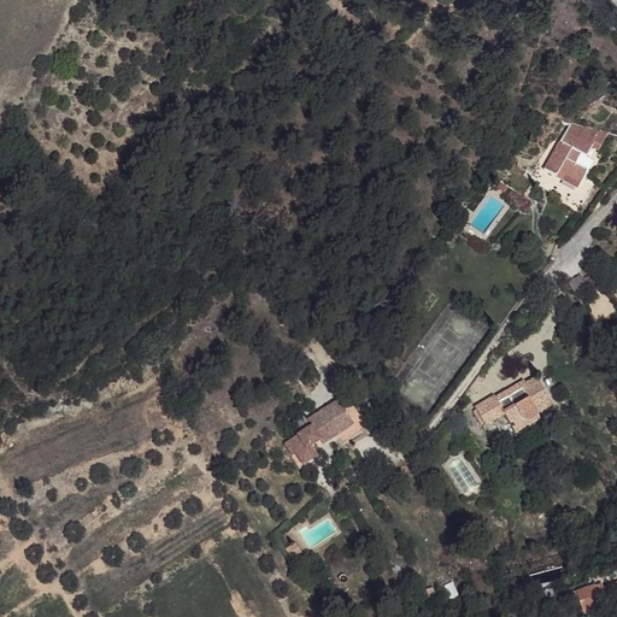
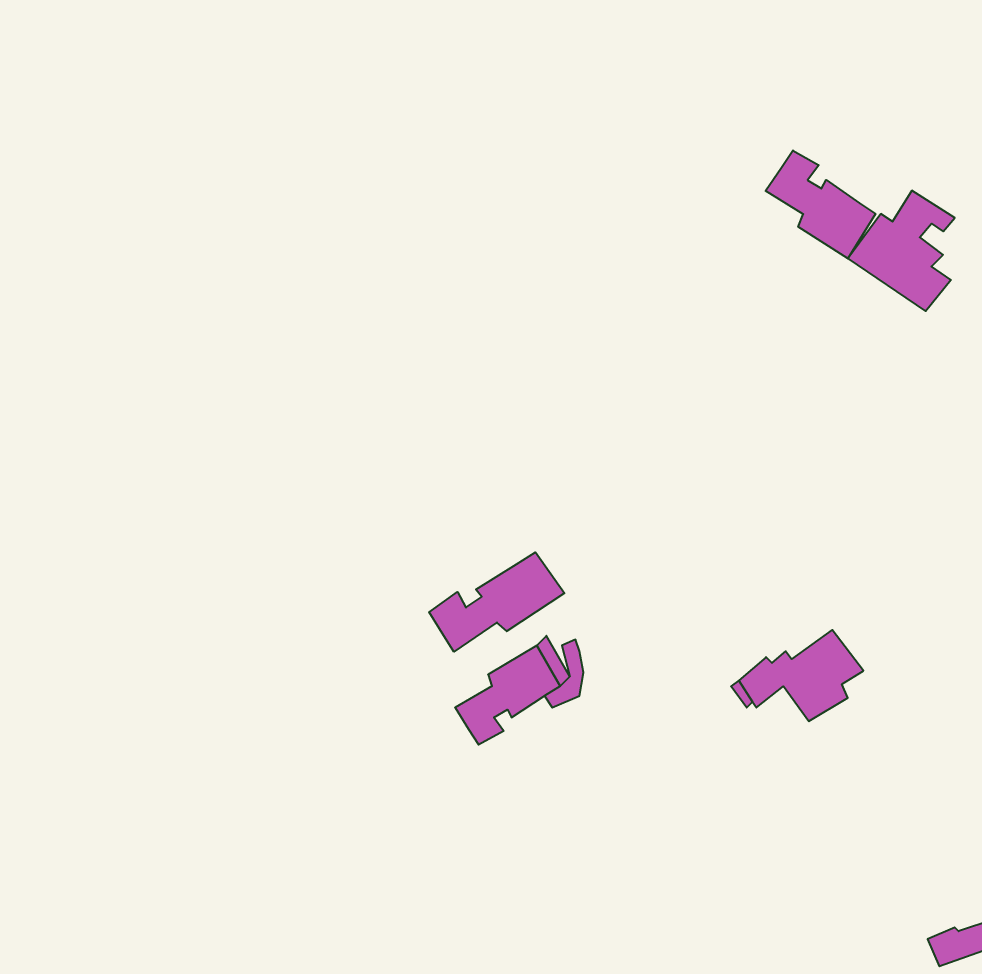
building: none -> [766,150,875,259]
building: none -> [429,552,564,652]

